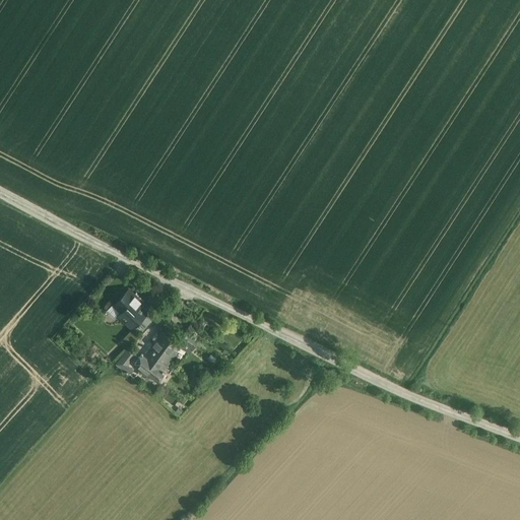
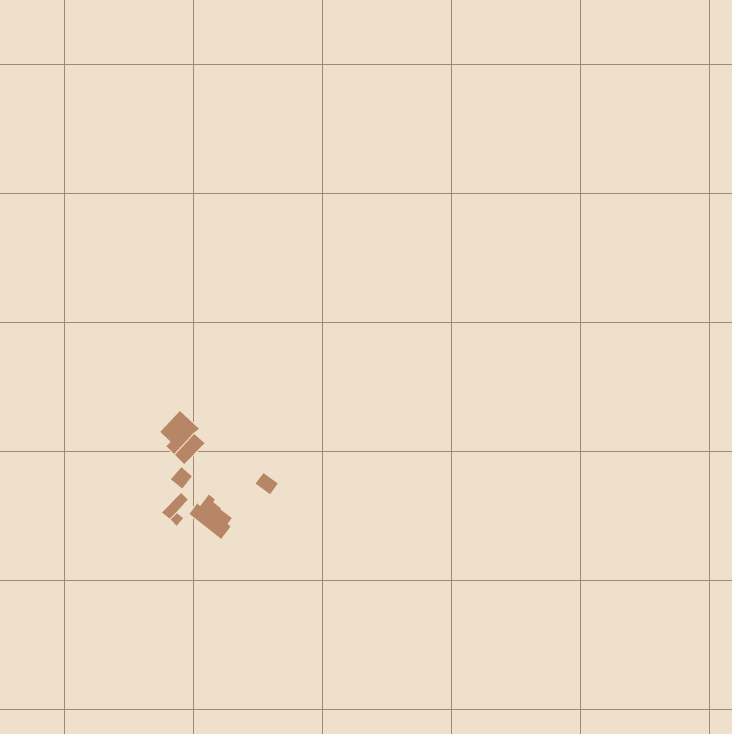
building: [147,333,179,367] -> none

